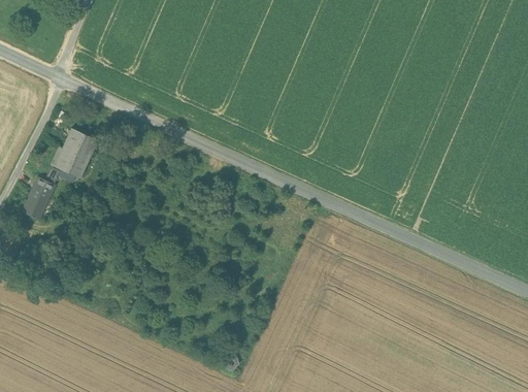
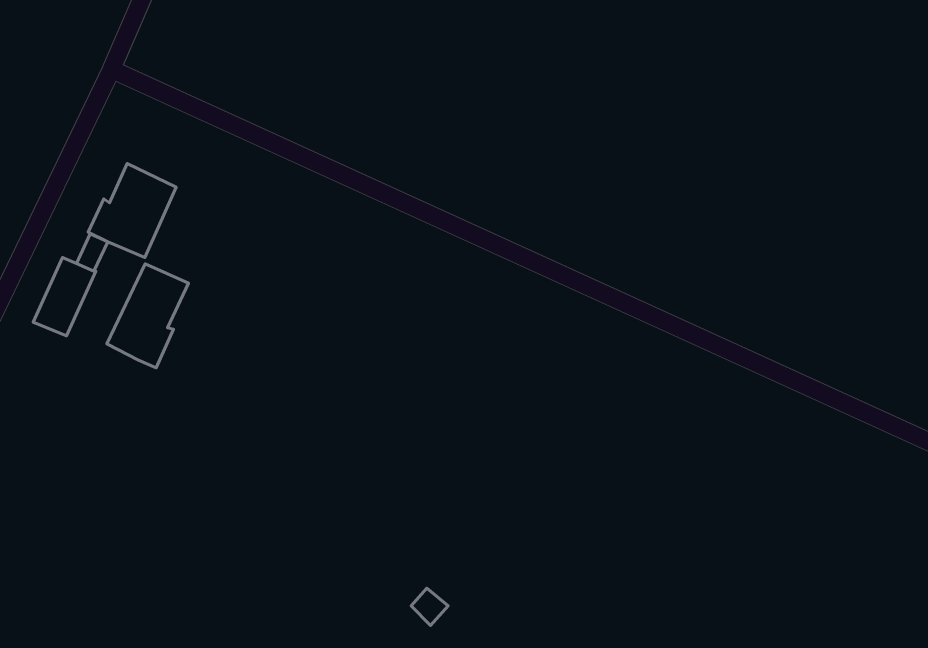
building: none -> [107,264,189,368]

